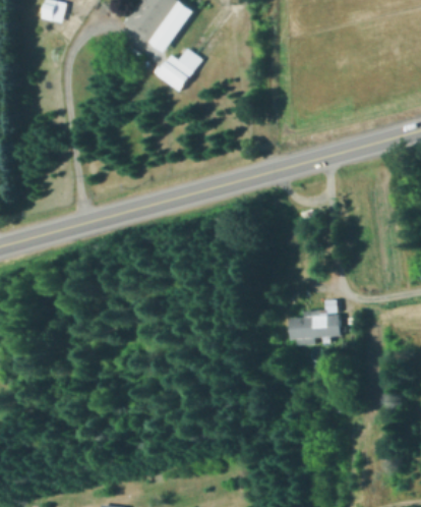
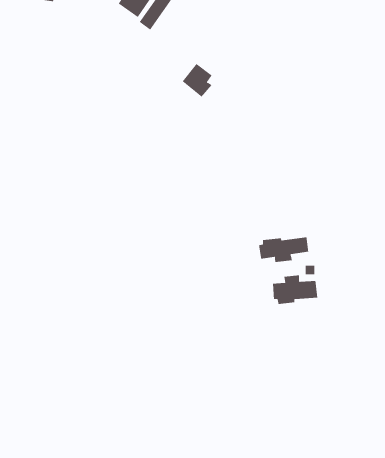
building: [160,55,192,92] -> [182,63,212,98]
building: none -> [258,237,309,263]

